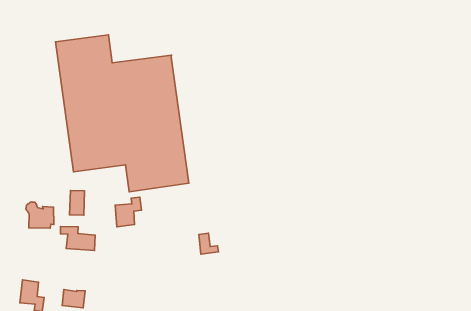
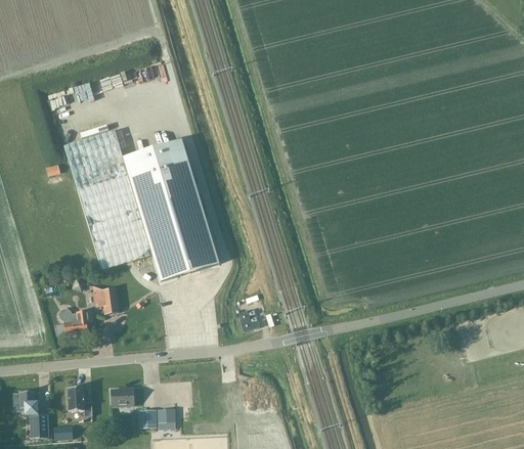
building: [115,197,142,227] -> none
building: [60,226,95,250] -> none

